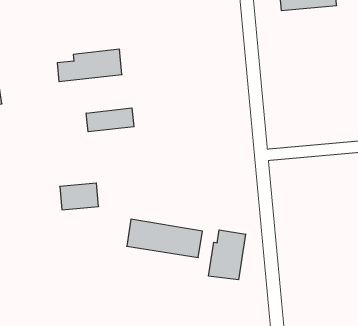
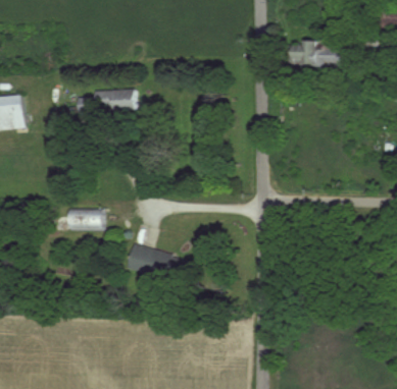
building: [86,108,134,132] -> none
building: [209,230,246,280] -> none

